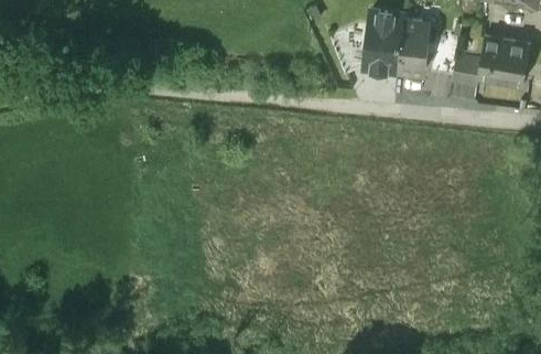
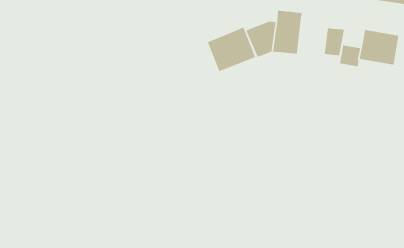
building: [399,22,432,75] -> none
building: none -> [207,26,256,72]

